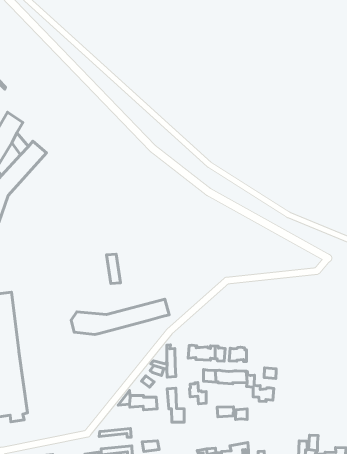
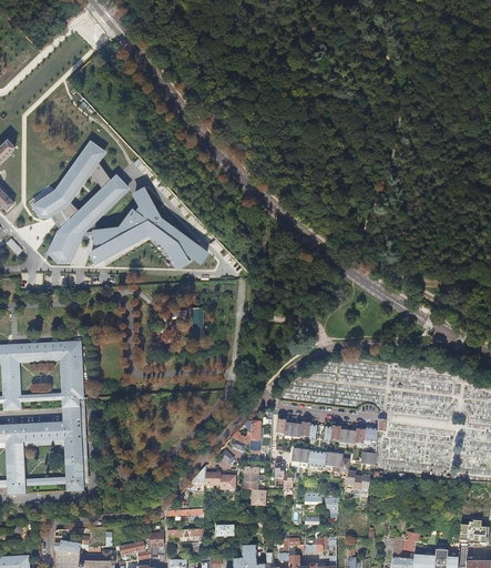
building: none -> [90,187,206,266]
building: [71,299,169,334] -> none
building: none -> [341,428,377,445]

